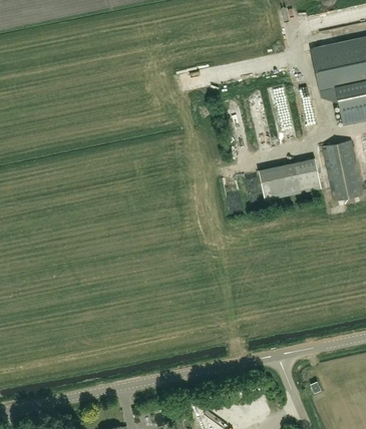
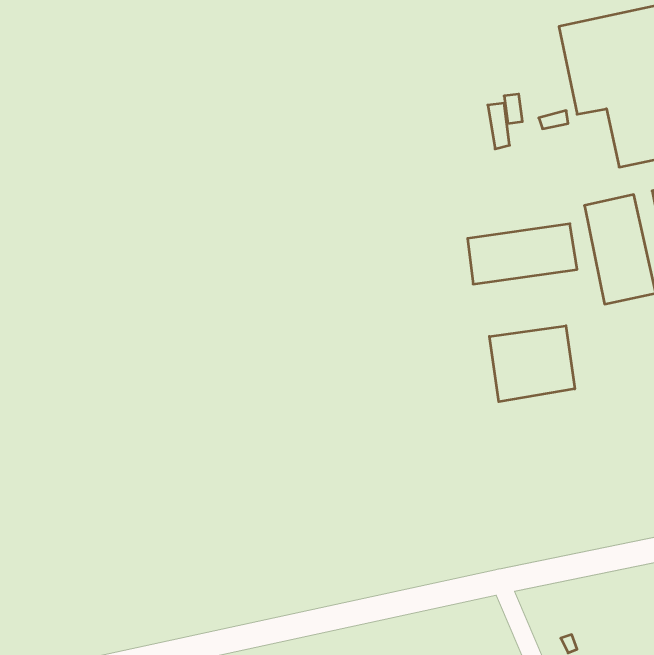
building: none -> [489,326,575,402]

